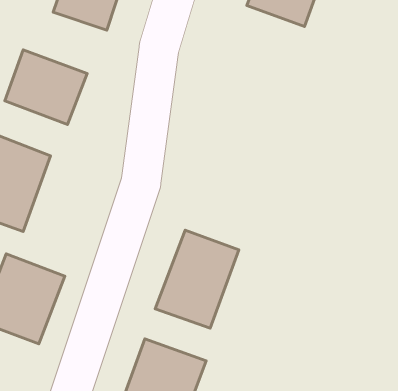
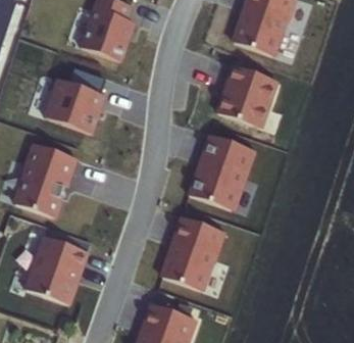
building: none -> [215,64,279,129]
building: none -> [187,133,255,210]

